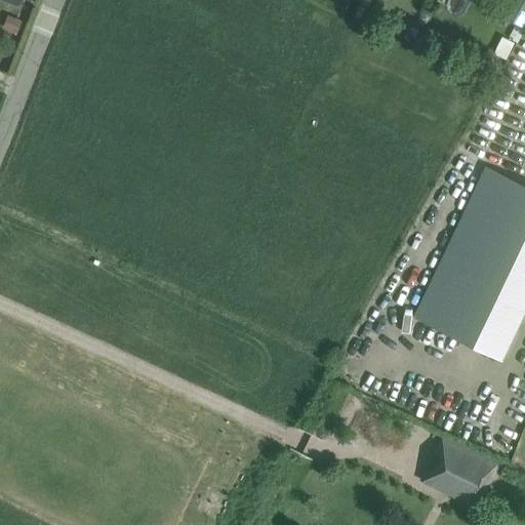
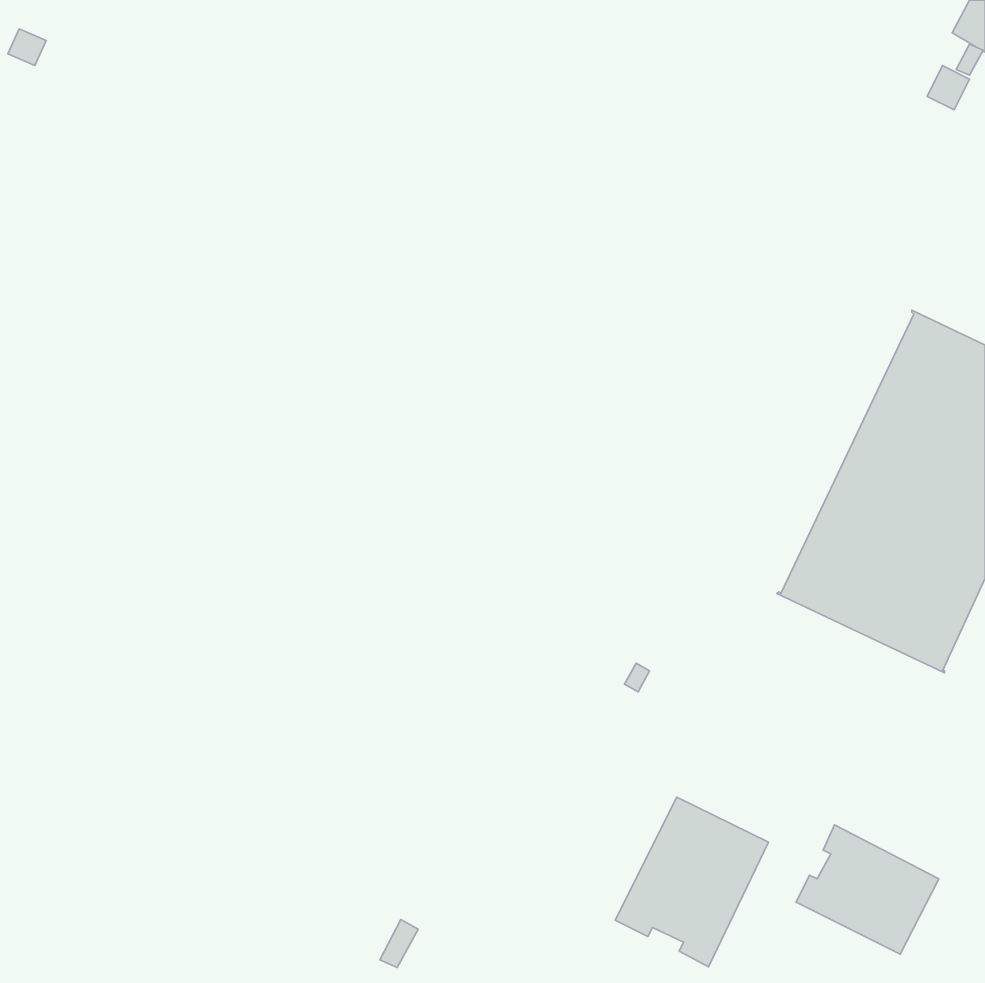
building: none -> [615,797,769,967]

